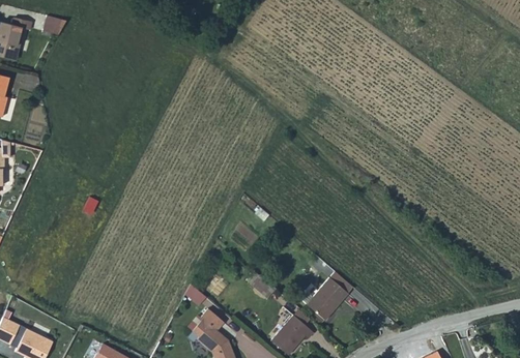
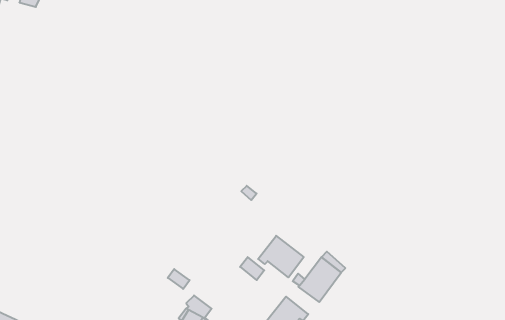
building: none -> [258,236,304,277]

